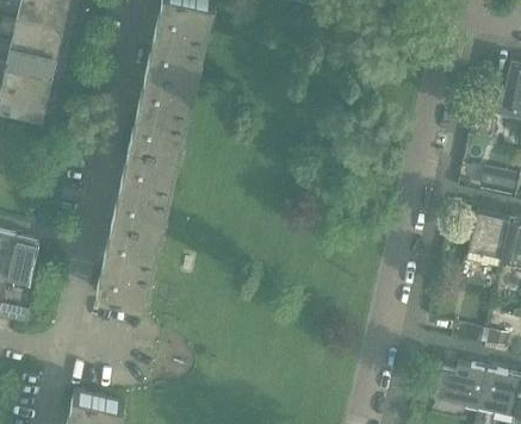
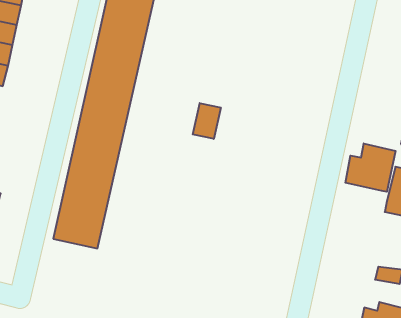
building: none -> [193,103,221,139]
building: none -> [345,143,396,192]

